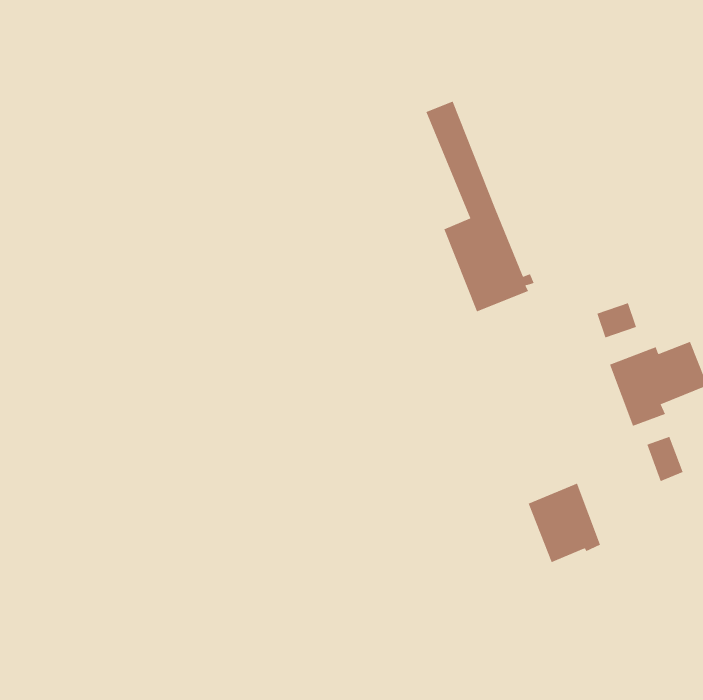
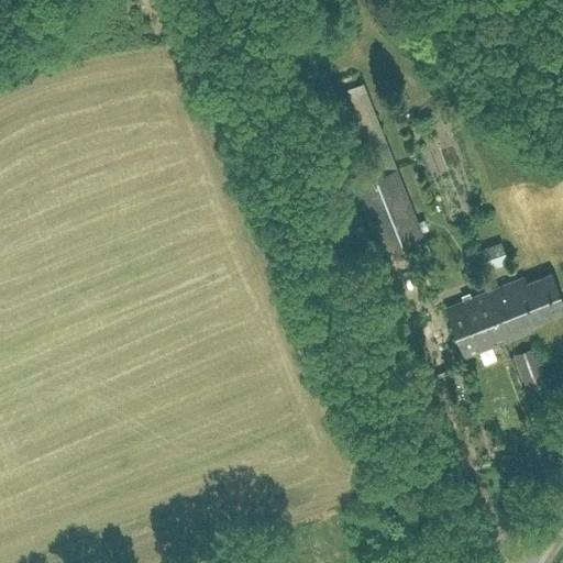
building: [528,483,601,563] -> [448,295,506,358]

